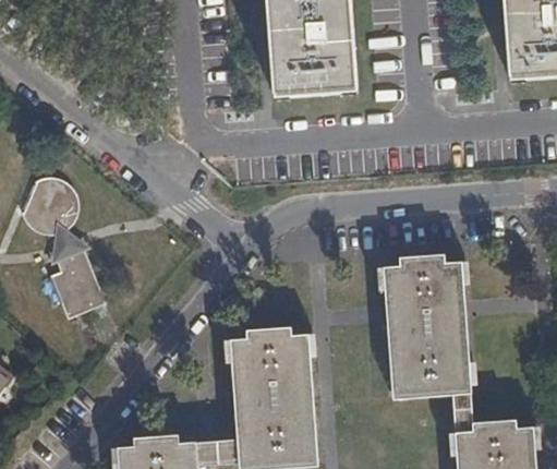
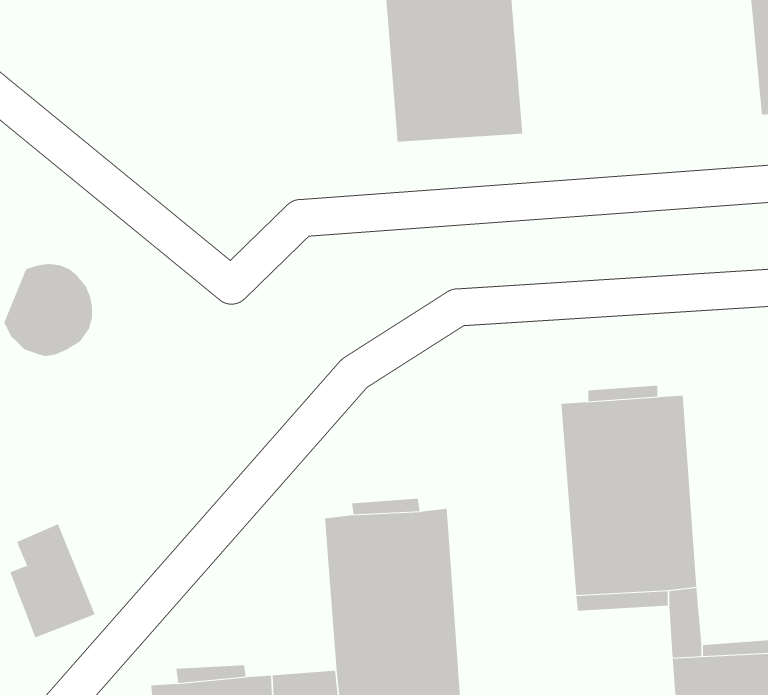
building: [50,245,106,320] -> [9,523,95,638]

